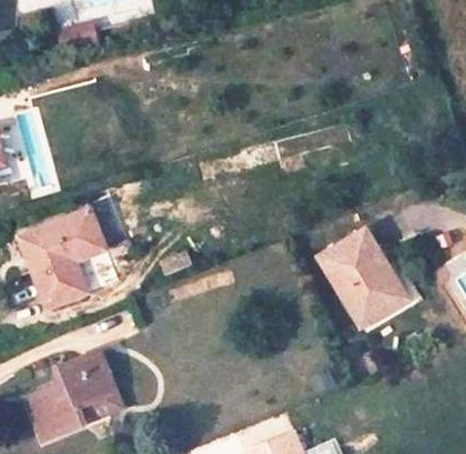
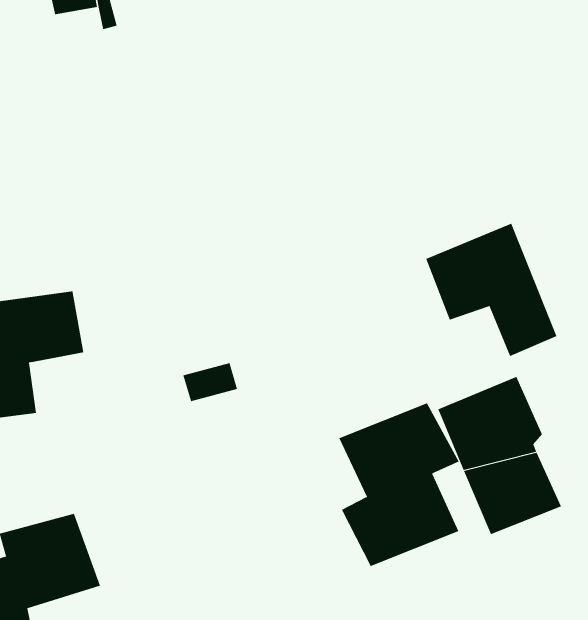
building: none -> [426,223,557,357]
building: none -> [339,403,459,567]

